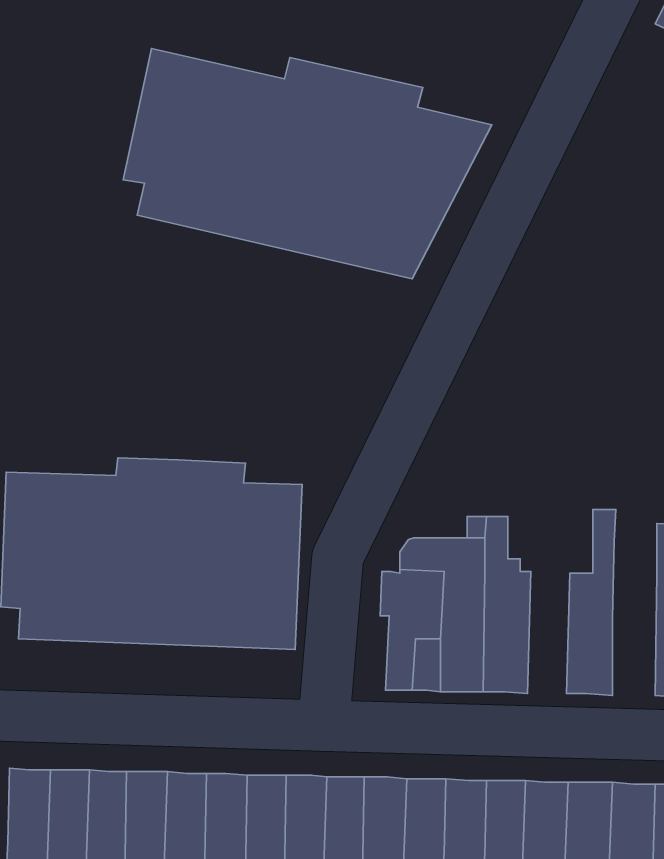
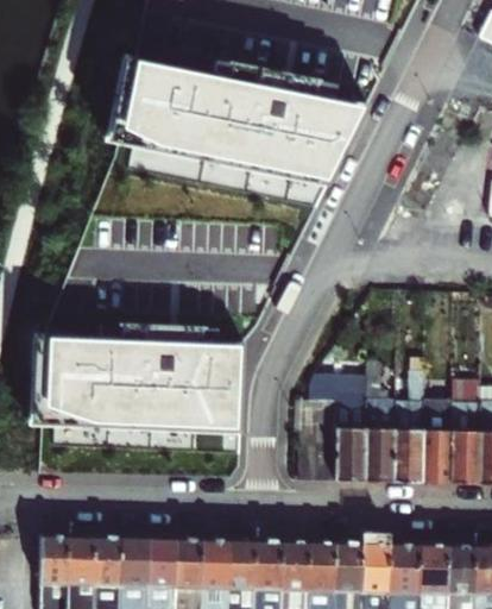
building: none -> [392,373,421,485]
building: none -> [449,383,479,486]

